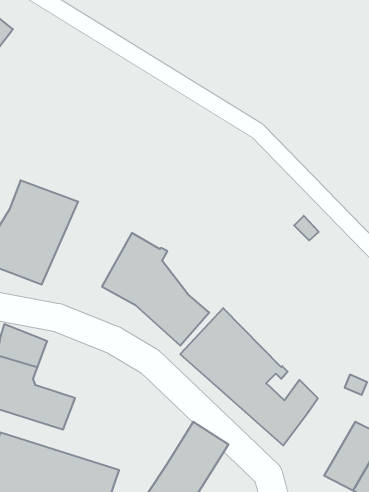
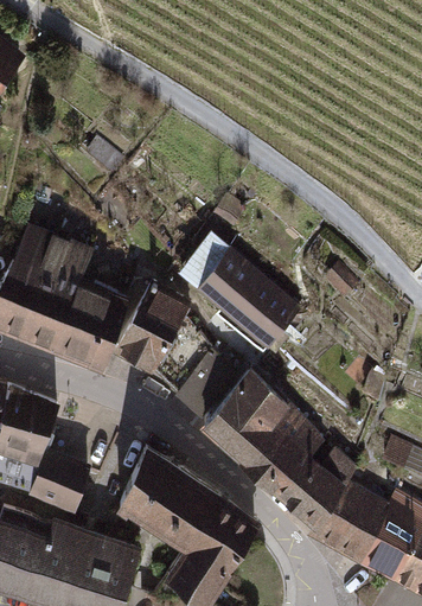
building: none -> [180,237,299,353]
building: none -> [50,285,124,366]
building: none -> [119,452,217,546]
building: none -> [313,487,396,557]

